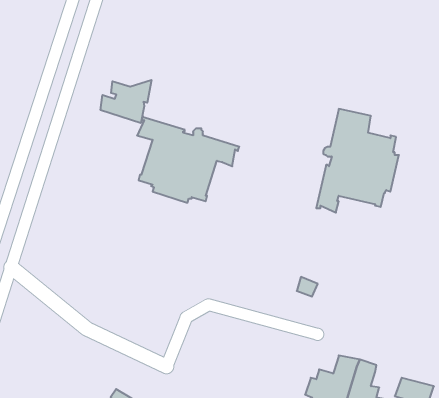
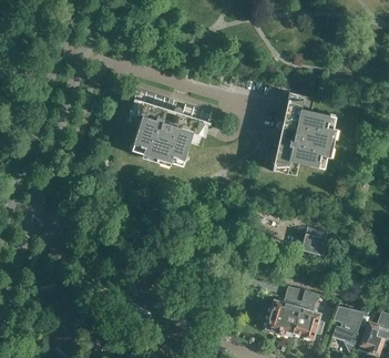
building: [101,80,151,123] -> none
building: none -> [300,227,327,255]

